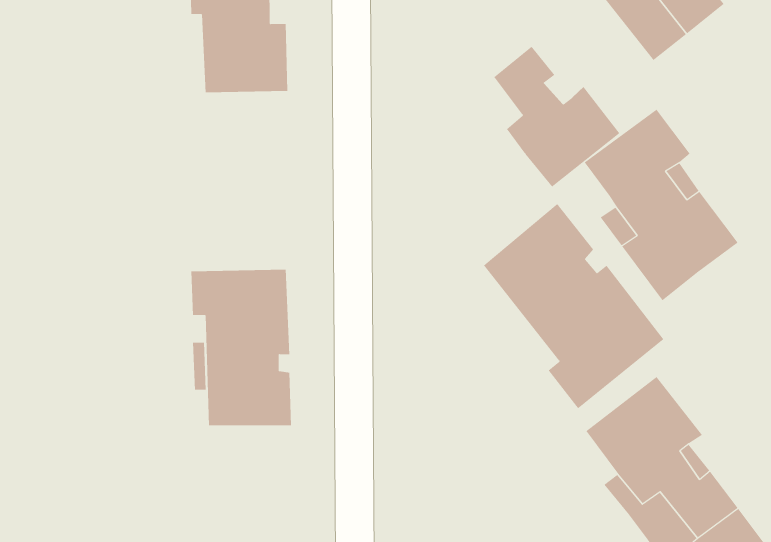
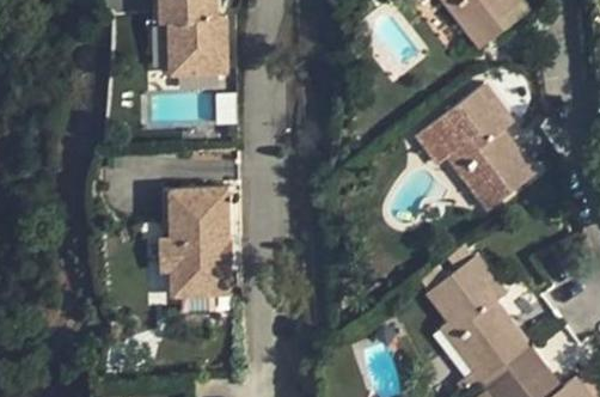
building: [494,46,620,187] -> none
building: [483,203,664,409] -> none

